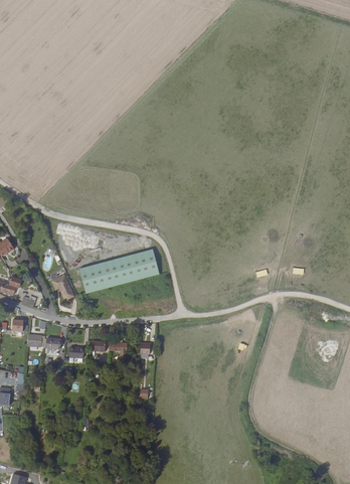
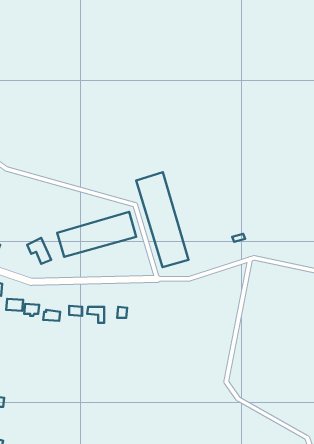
building: none -> [136,172,188,267]

